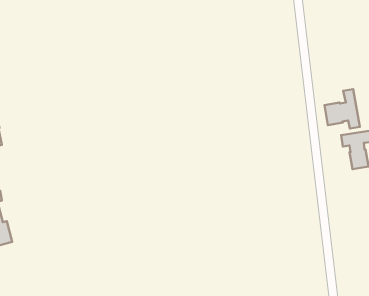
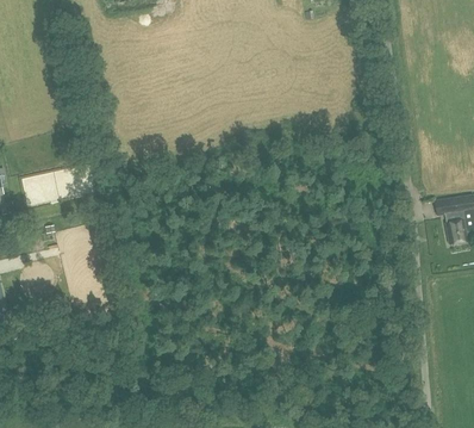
building: [325,89,360,129] -> none

